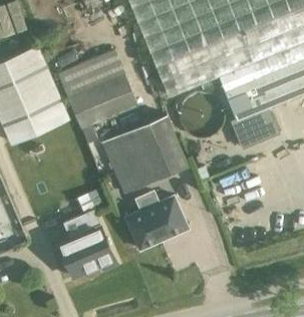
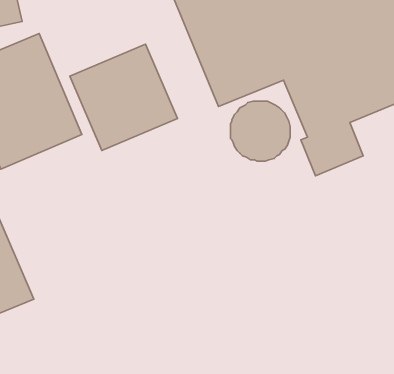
building: [101,114,190,195] -> none
building: [124,193,188,251] -> none
building: [57,210,114,279] -> none

